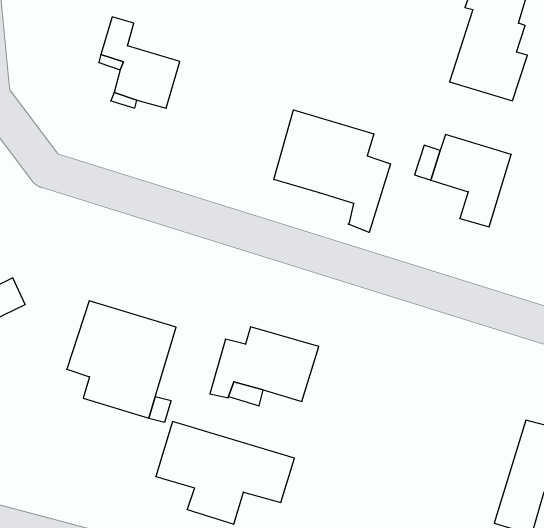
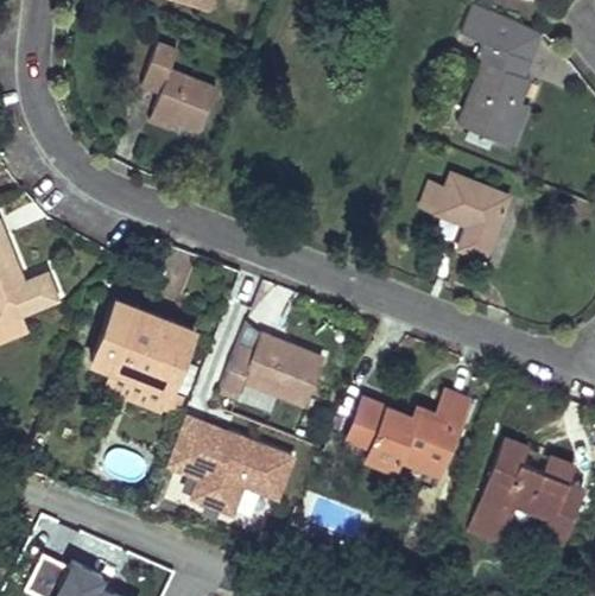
building: [274,110,390,232] -> none
building: none -> [348,391,468,475]

